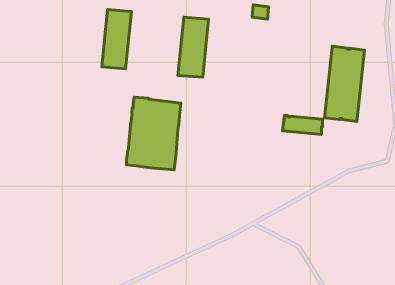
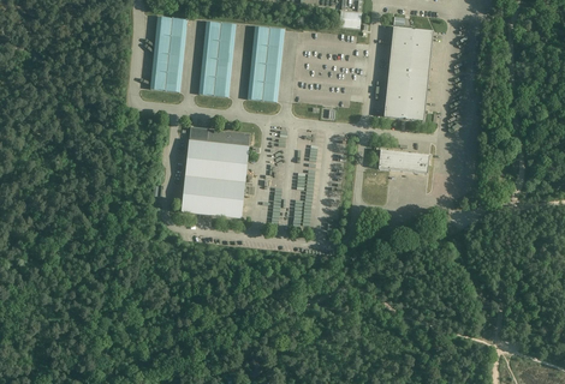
building: none -> [198,20,236,96]
building: [325,46,365,122] -> [383,25,434,120]

